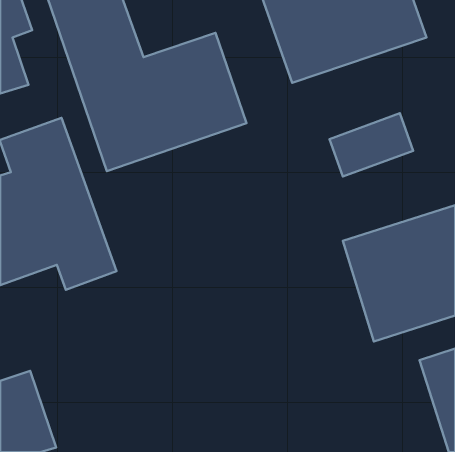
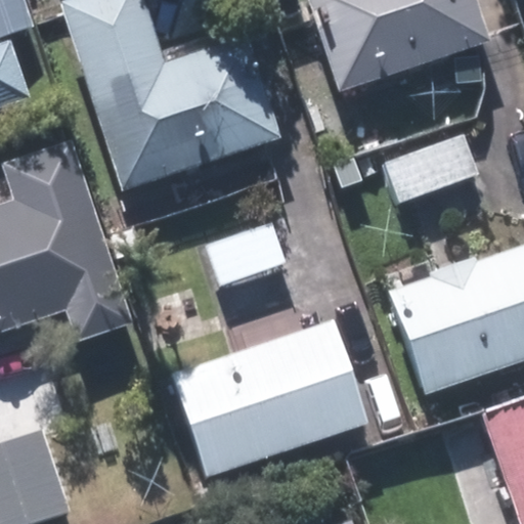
building: none -> [171,318,368,481]

